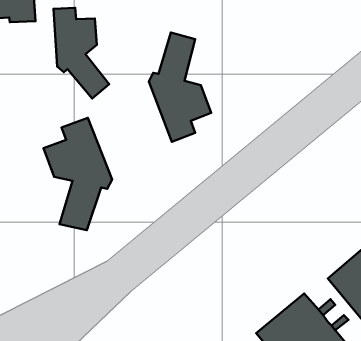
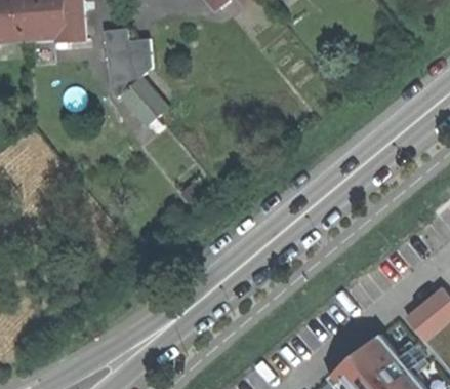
building: [149,33,211,142] -> none
building: [43,118,112,230] -> none

